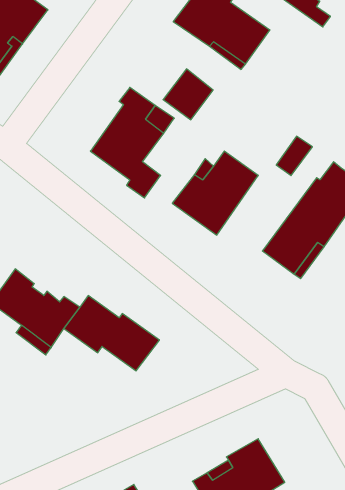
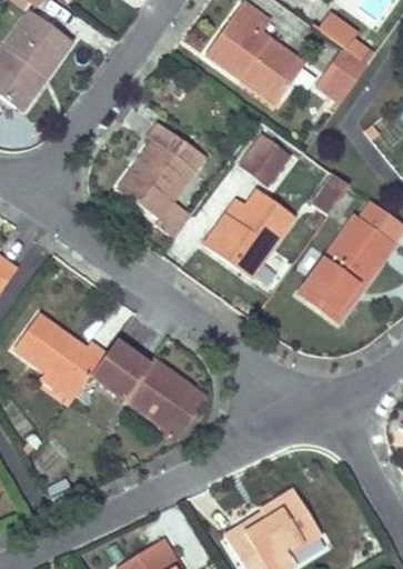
building: none -> [318,48,367,101]
building: [163,69,213,120] -> [239,134,291,188]
building: none -> [125,387,203,437]

